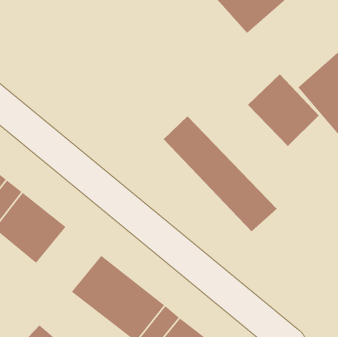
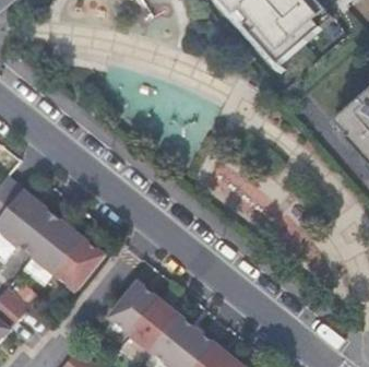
building: [247,74,320,147] -> none

